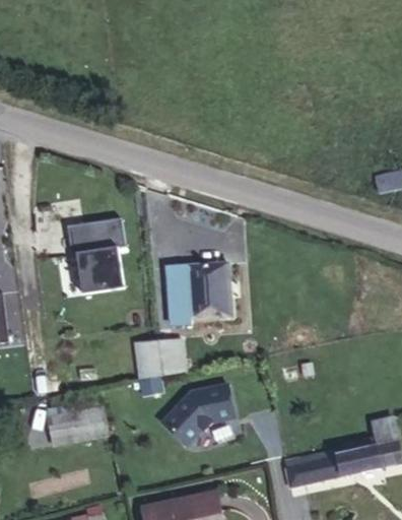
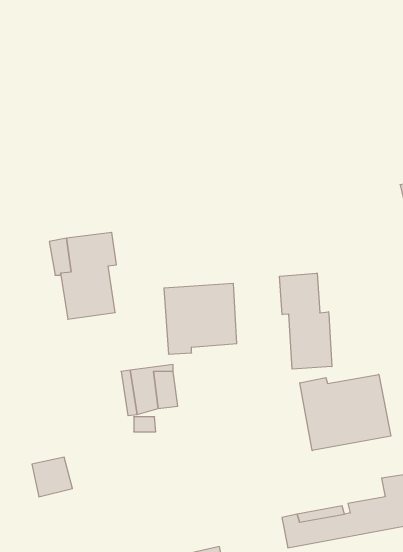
building: none -> [280,273,332,369]
building: none -> [300,374,391,451]
building: [163,383,236,445] -> none

